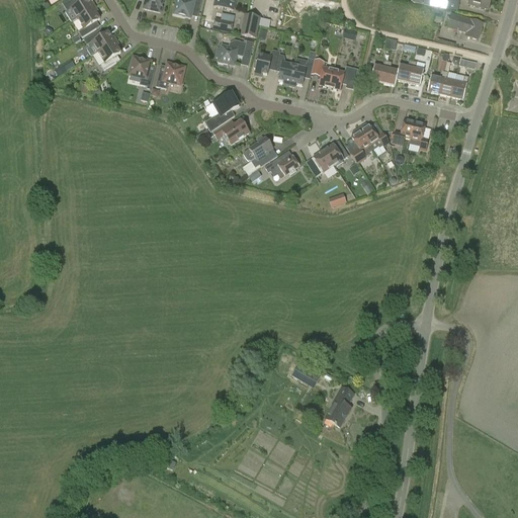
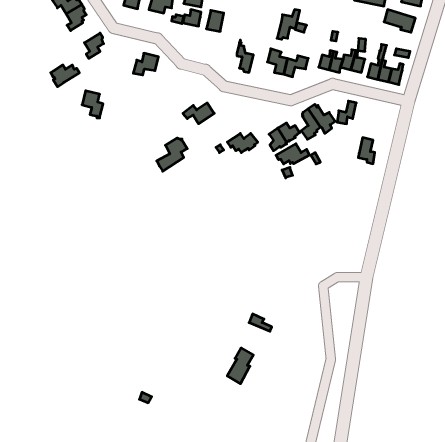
building: [83,29,116,55] -> [51,65,79,87]
building: [215,38,253,64] -> none
building: [254,46,279,75] -> none
building: [289,51,316,85] -> [277,10,300,39]
building: [130,56,154,87] -> [82,91,103,118]
building: [203,93,239,132] -> [157,138,187,171]
building: [409,119,428,150] -> [358,138,375,164]
building: [243,136,273,166] -> none
building: none -> [276,144,310,164]
building: [325,384,355,426] -> [227,348,253,384]

